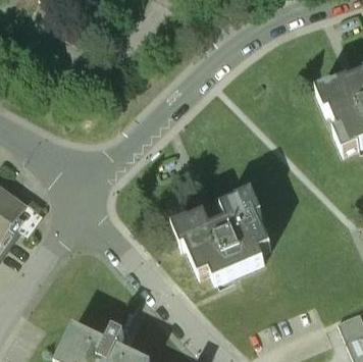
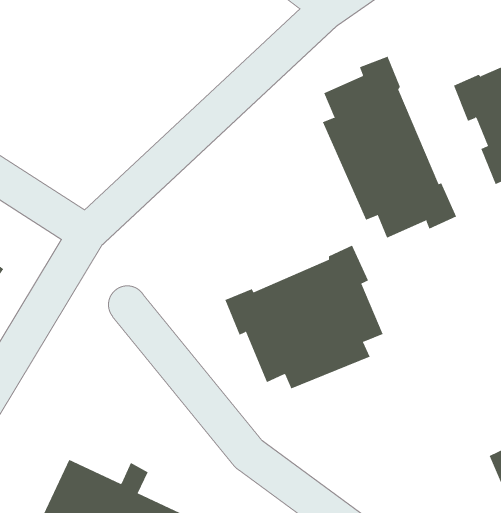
building: none -> [322,56,457,238]

